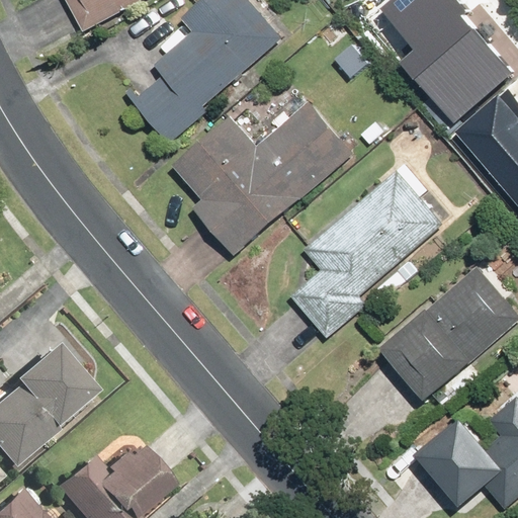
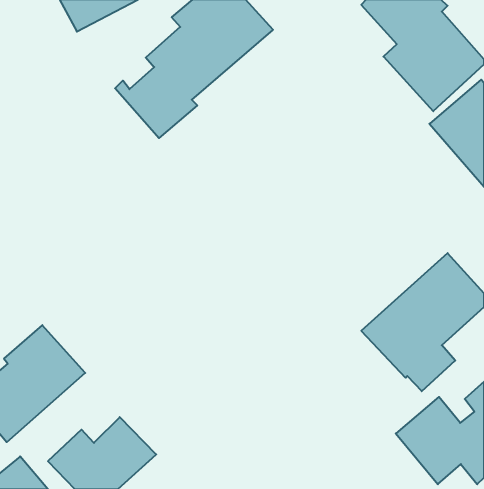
building: [171,99,354,260] -> none
building: [290,164,457,339] -> none

